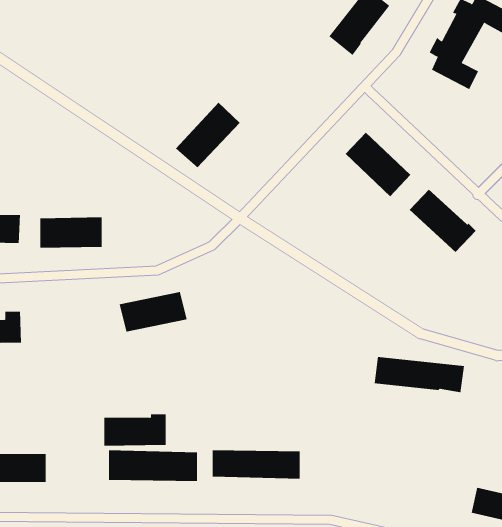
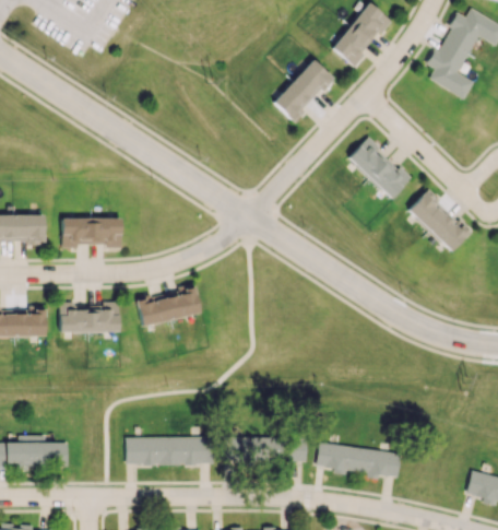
building: [175,102,241,168] -> [273,59,334,121]
building: [374,357,465,393] -> [317,444,402,478]
building: [104,414,166,446] -> [60,302,119,332]

